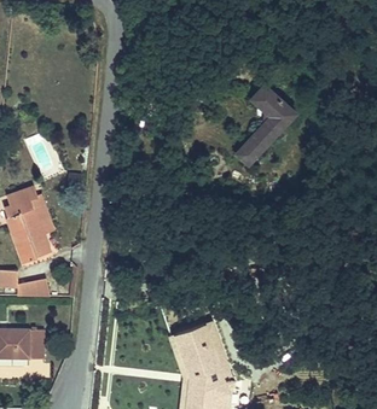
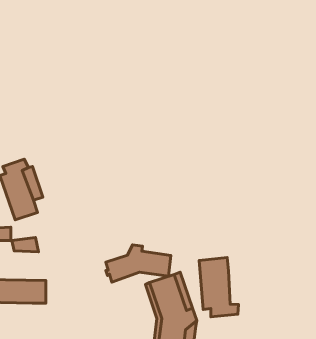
building: [237,83,297,165] -> none
building: none -> [106,245,171,282]
building: none -> [199,257,239,317]

